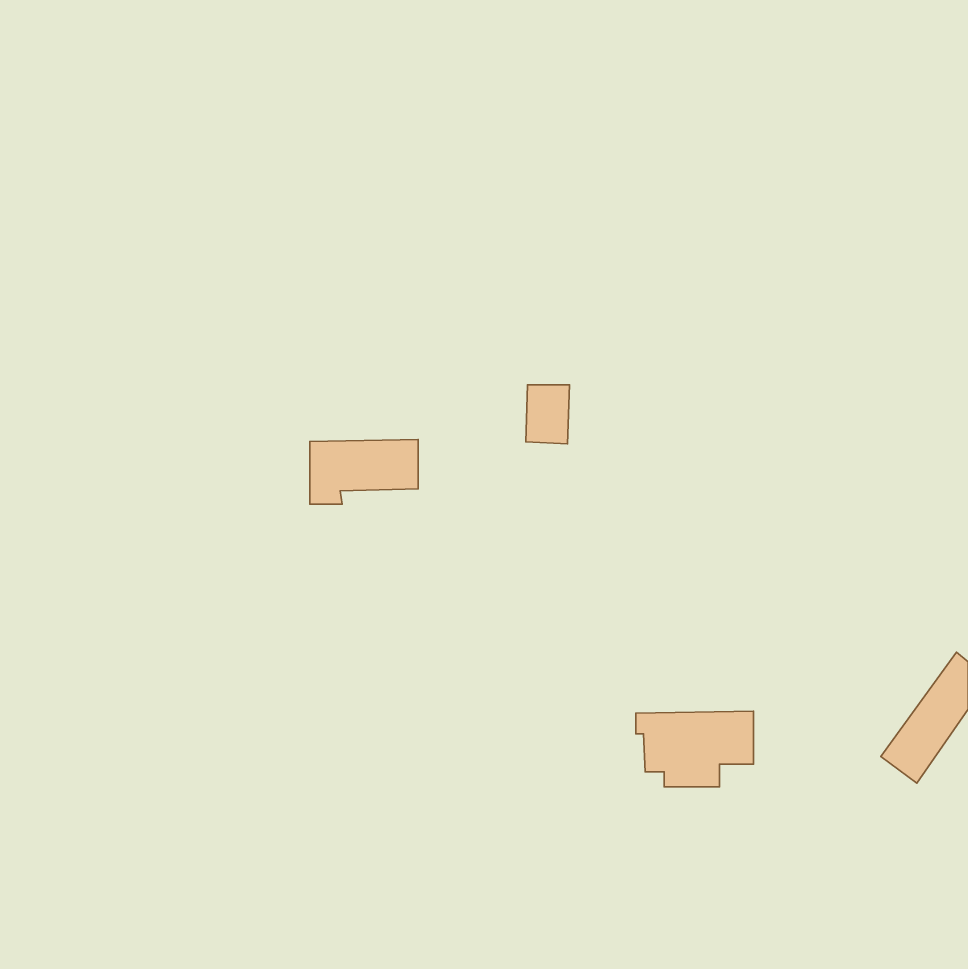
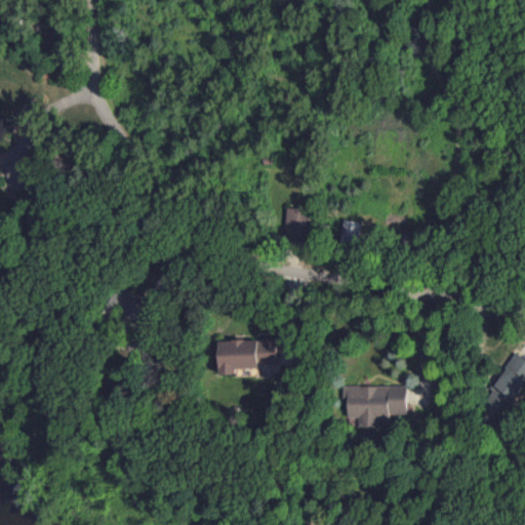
building: none -> [341,219,361,243]
building: [310,440,418,504] -> [219,338,278,373]

